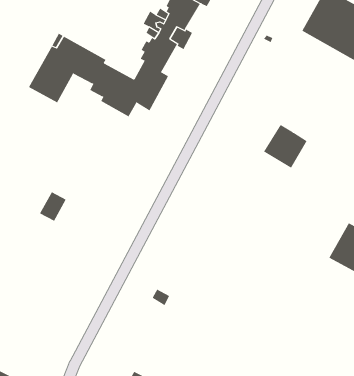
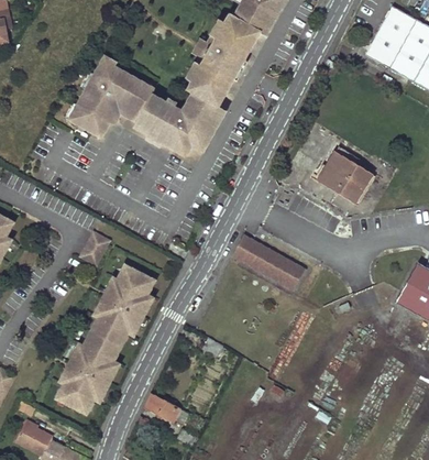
building: none -> [317,147,359,187]
building: none -> [232,233,305,288]
building: none -> [58,267,152,414]
building: none -> [144,393,187,423]

